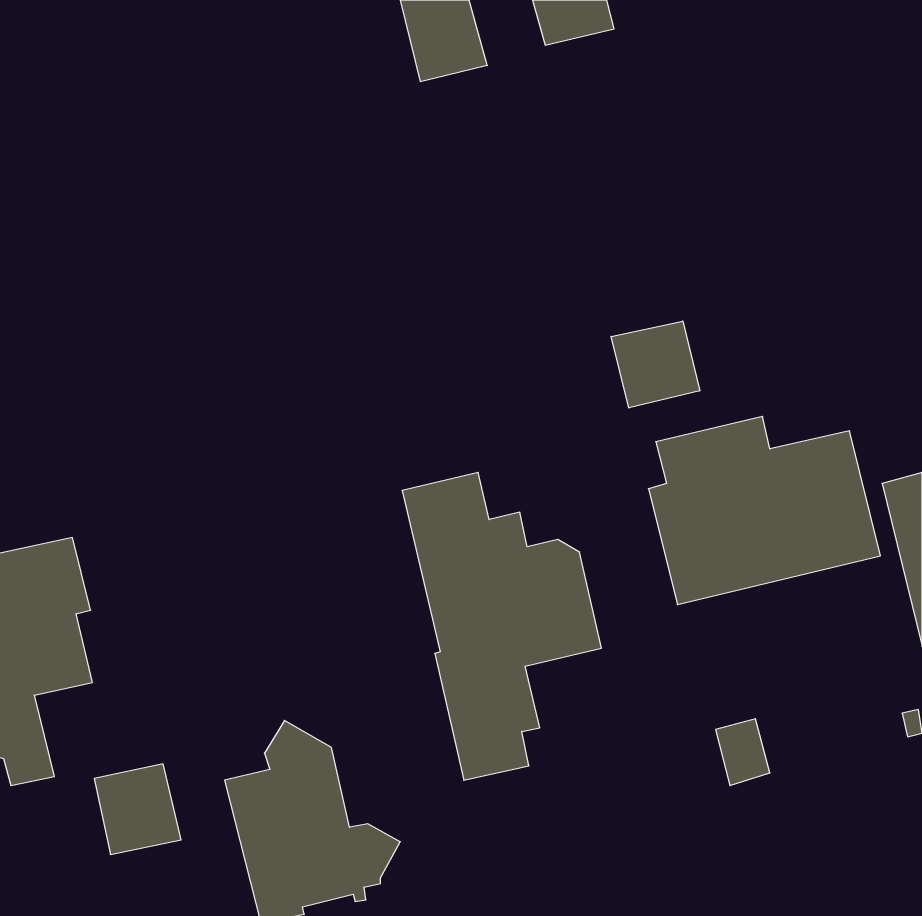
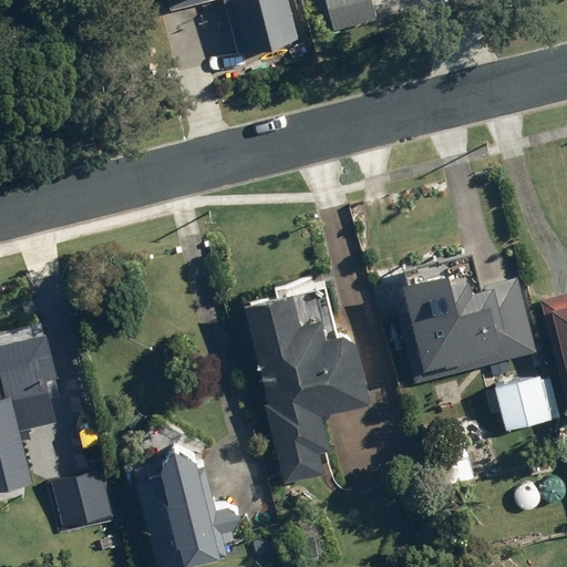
building: [611,321,700,408] -> none
building: none -> [495,379,557,433]

